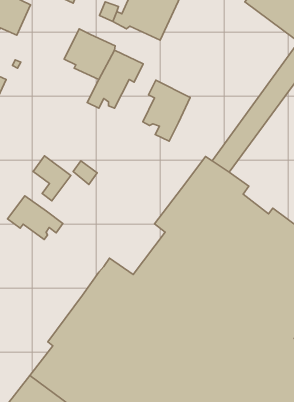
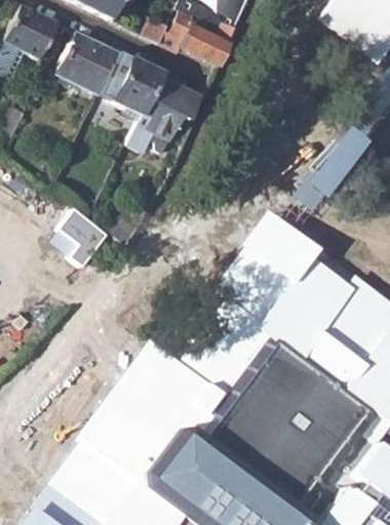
building: none -> [54,32,116,92]
building: [143,80,190,141] -> none
building: [7,196,63,239] -> none

